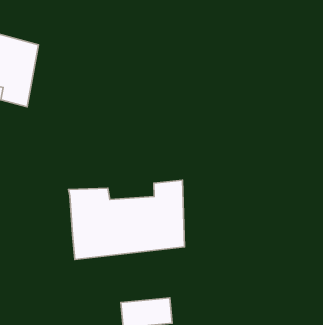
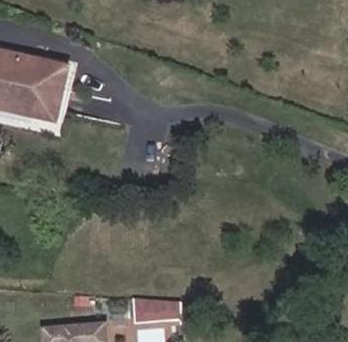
building: [68,180,185,259] -> none

